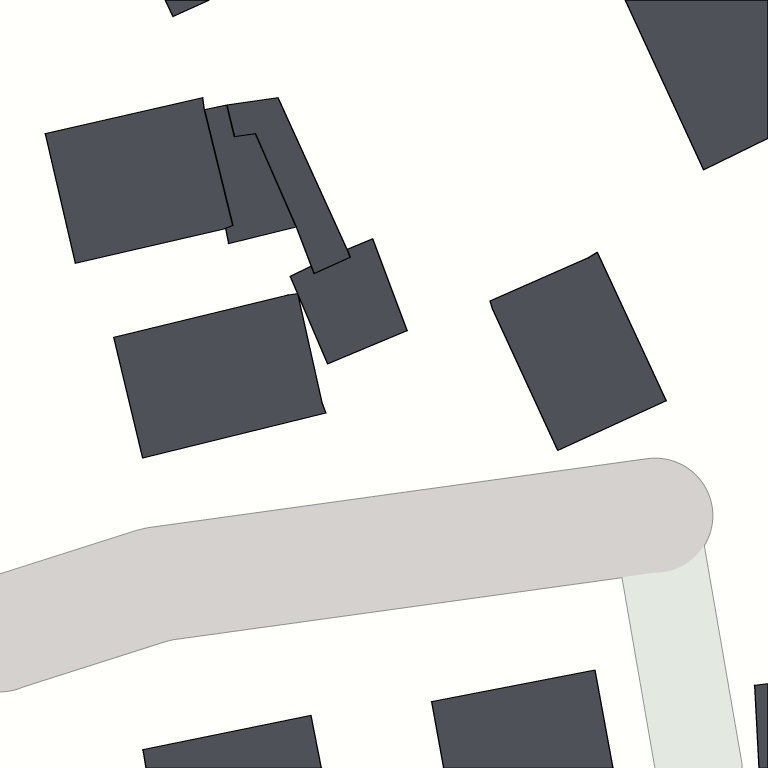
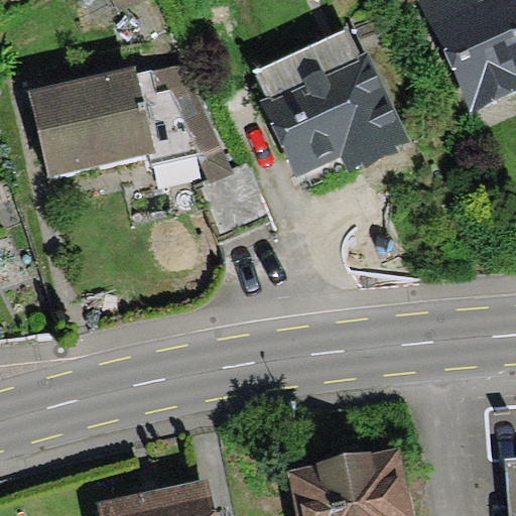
building: none -> [254,28,408,180]
building: [490,252,666,450] -> none
building: [114,294,326,458] -> none

